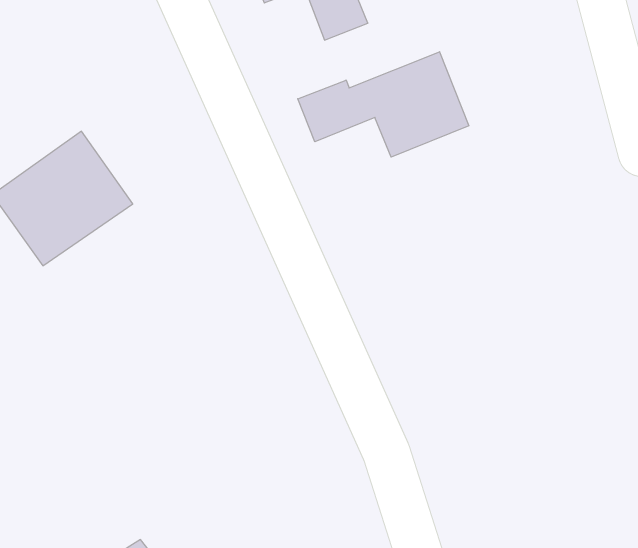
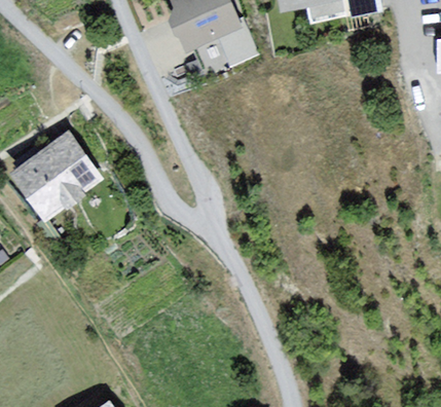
building: [298,52,469,157] -> none

